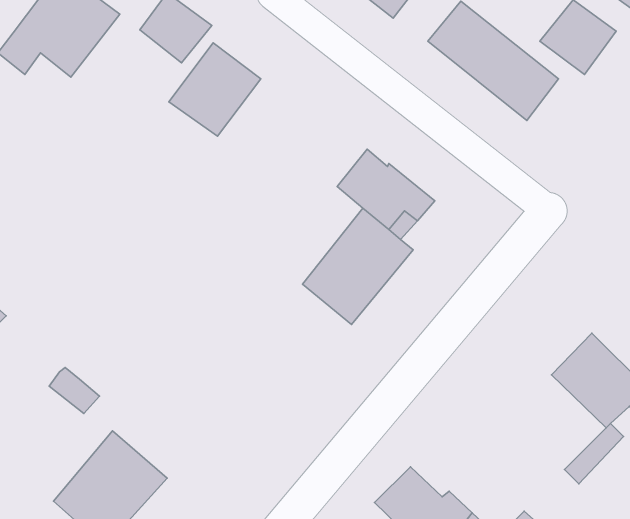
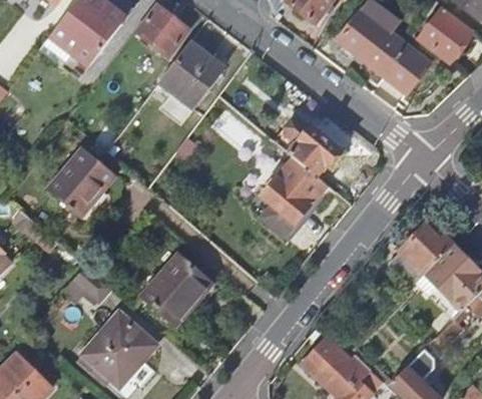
building: none -> [47,147,114,215]
building: none -> [388,227,453,285]
building: none -> [140,253,209,322]

